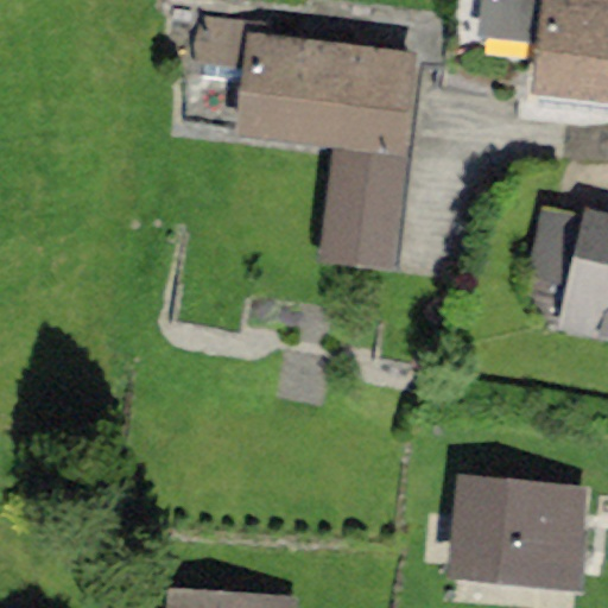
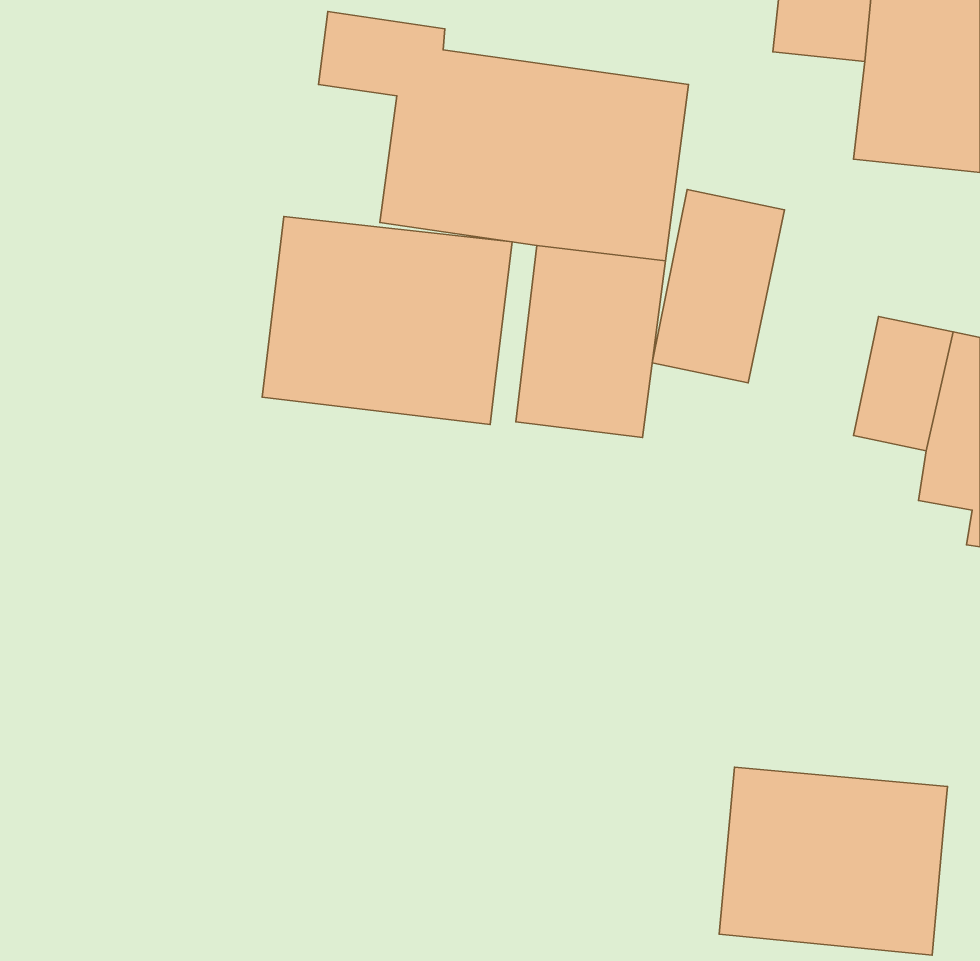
building: none -> [652,189,784,383]
building: none -> [262,216,512,425]

